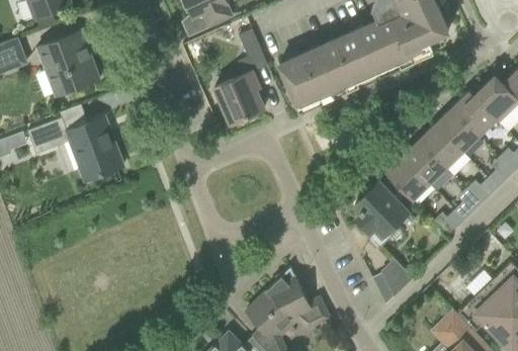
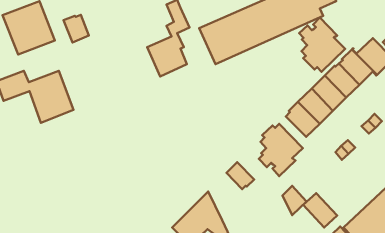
building: none -> [64,15,89,42]
building: none -> [299,18,345,72]
building: none -> [227,162,254,189]
building: none -> [303,193,337,227]

